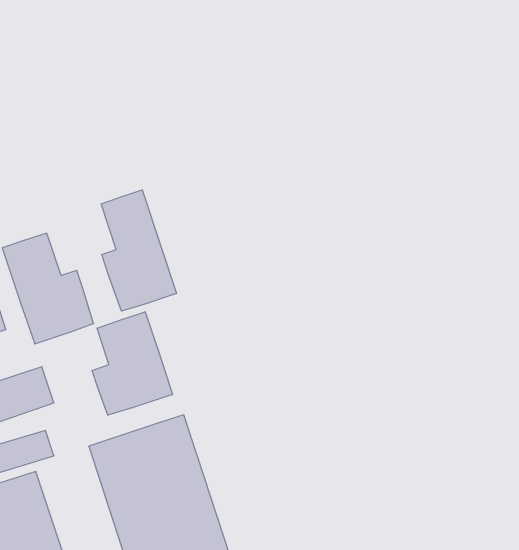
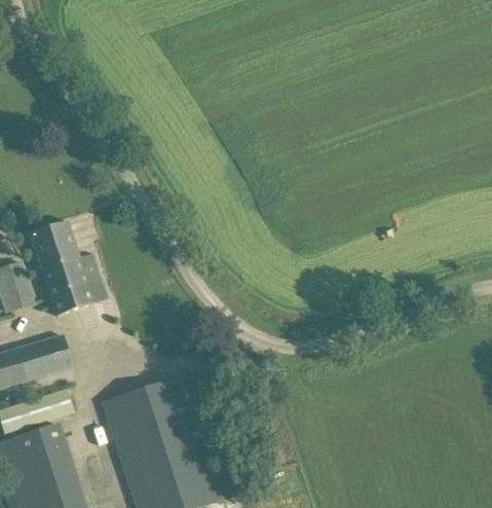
building: [101,190,176,311] -> none
building: [92,312,172,415] -> none

